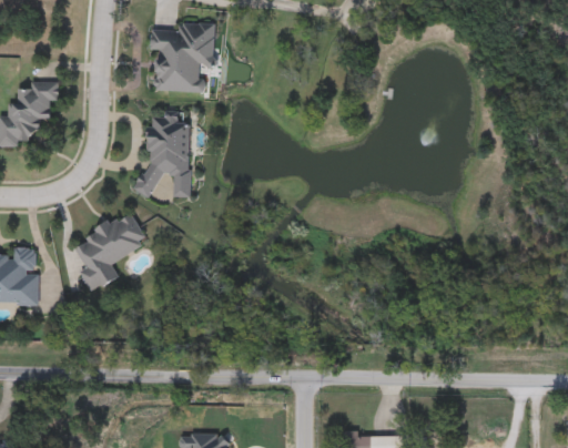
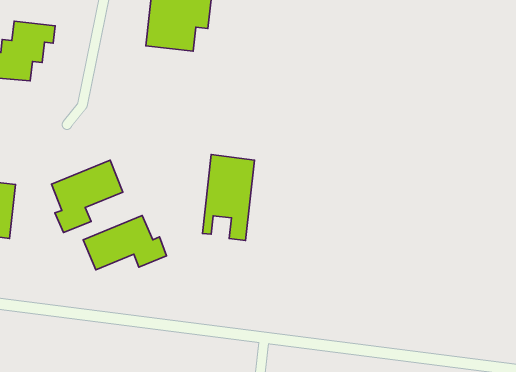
building: [145,113,190,196] -> [202,154,254,240]
building: none -> [83,216,167,270]

